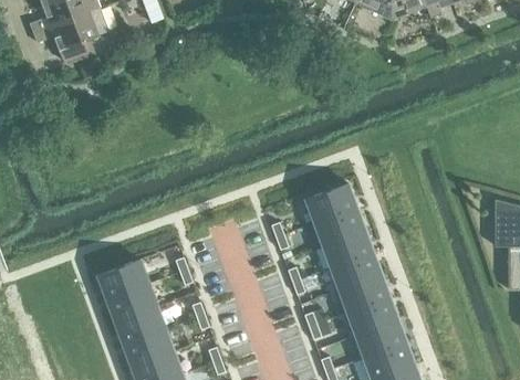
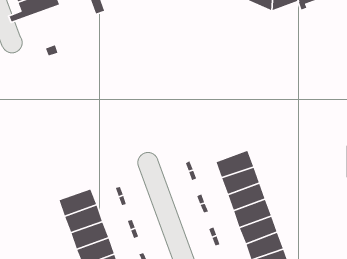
building: [32,8,107,62] -> none
building: [304,184,357,223] -> none

